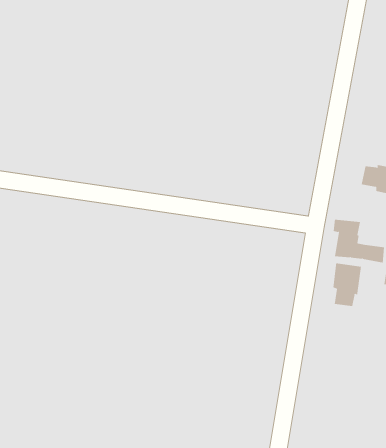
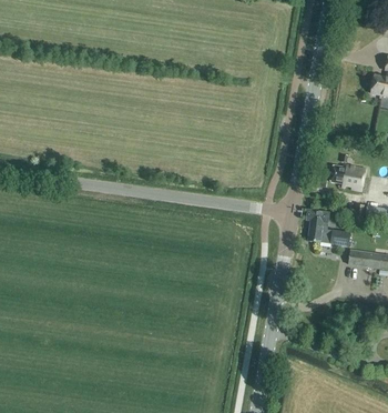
building: [333,263,362,307] -> none

